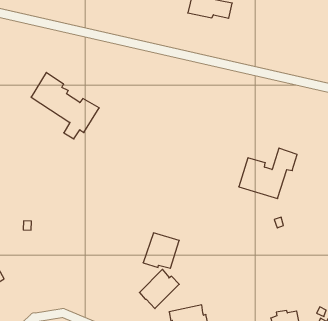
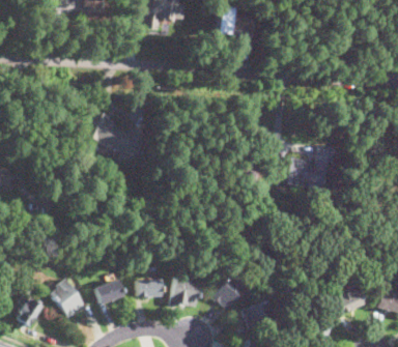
building: [143,233,179,268] -> [171,277,201,308]
building: none -> [96,280,125,305]
building: none -> [138,280,163,297]

